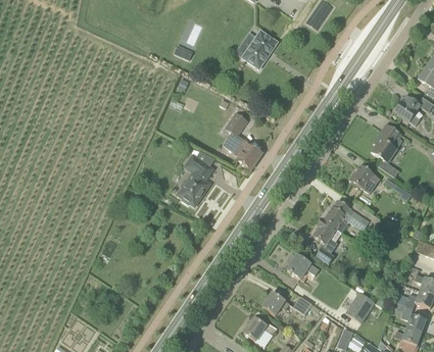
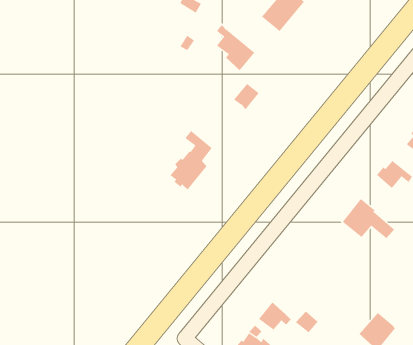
building: [228,131,261,168] -> [216,24,255,71]
building: [312,217,341,263] -> none
building: [287,254,319,280] -> none

